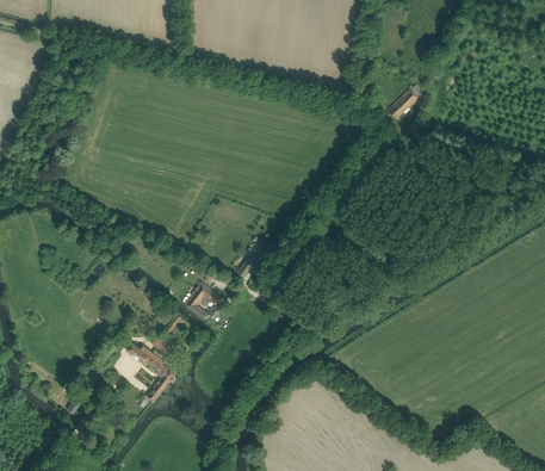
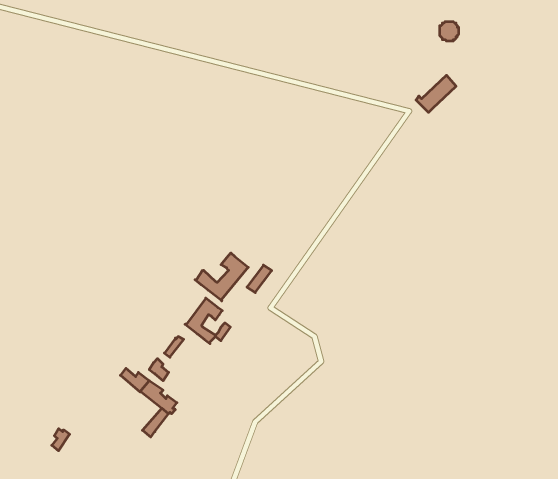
building: none -> [195,253,248,301]

